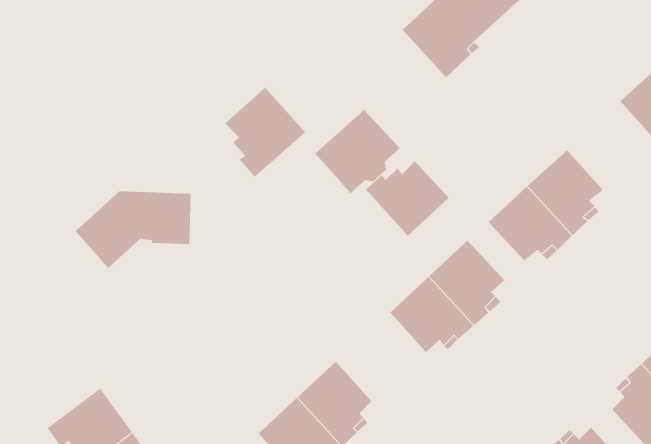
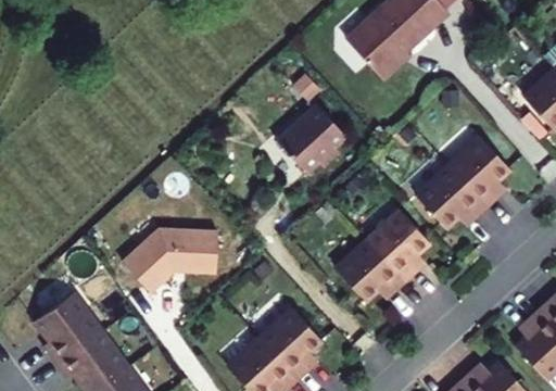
building: [224,87,306,178] -> none
building: [365,161,449,237] -> none
building: [75,191,192,269] -> [125,228,219,291]
building: none -> [39,293,103,362]

